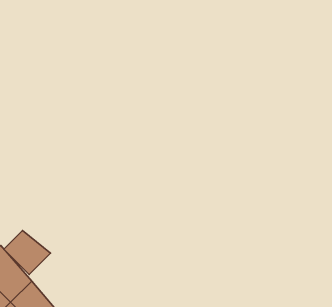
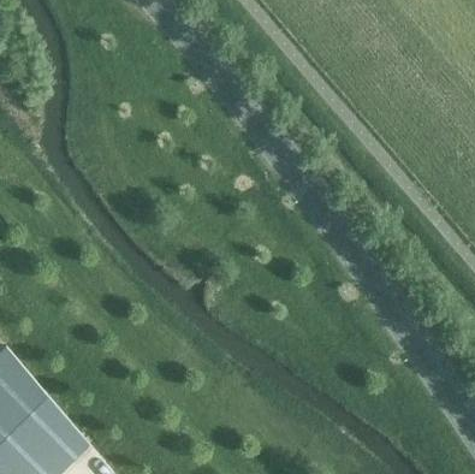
building: [4,230,50,274] -> none

